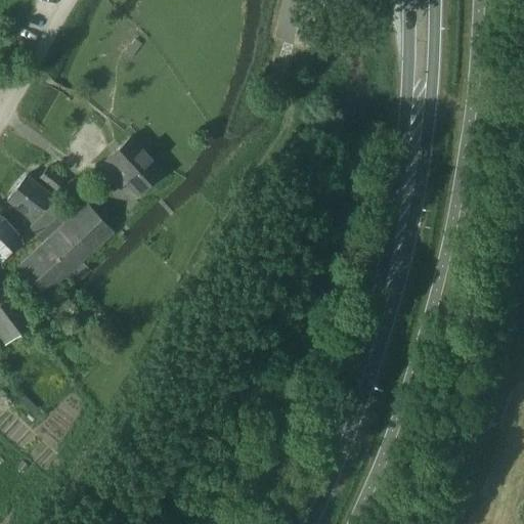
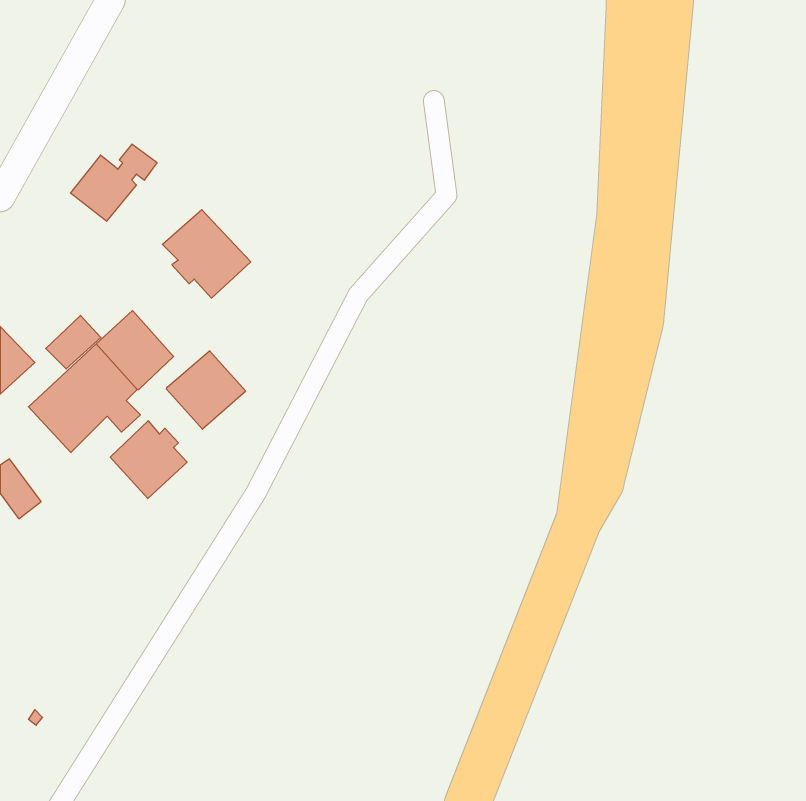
building: [7,170,63,220] -> [70,144,157,221]
building: none -> [166,351,246,429]
building: none -> [110,421,187,499]

